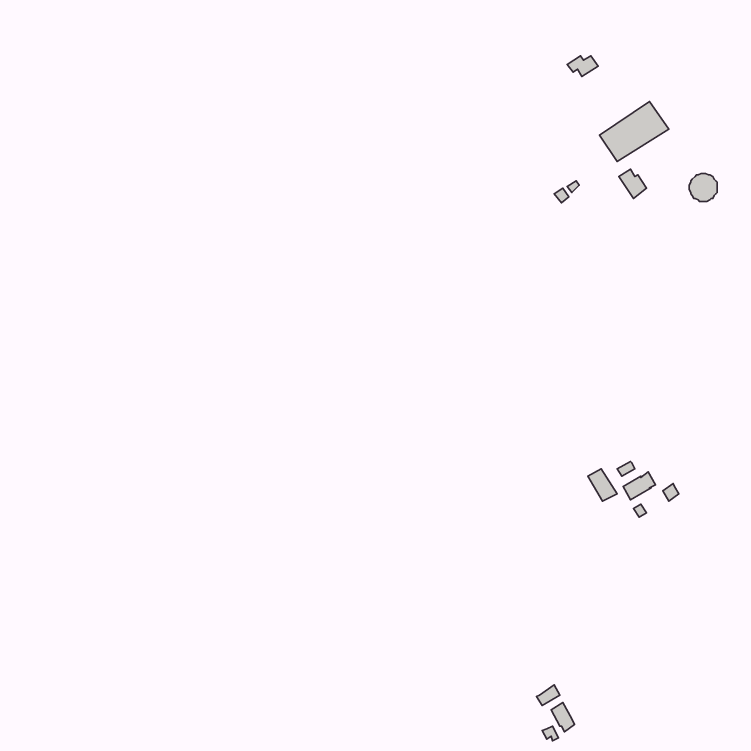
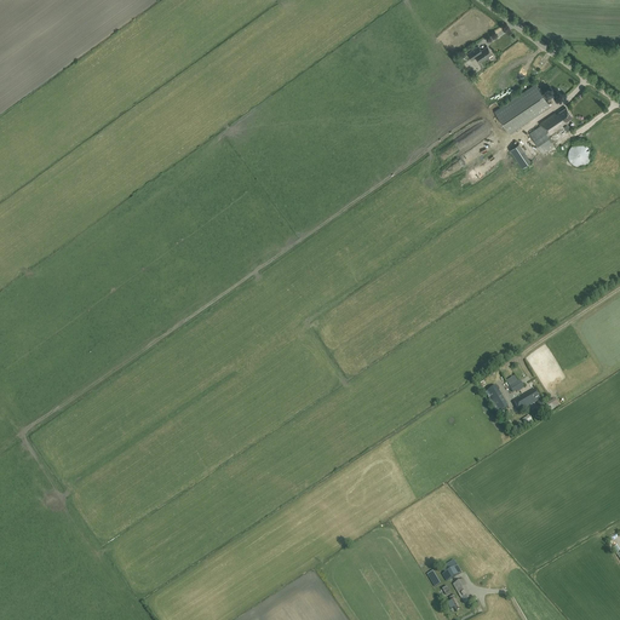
building: none -> [529,108,572,154]

